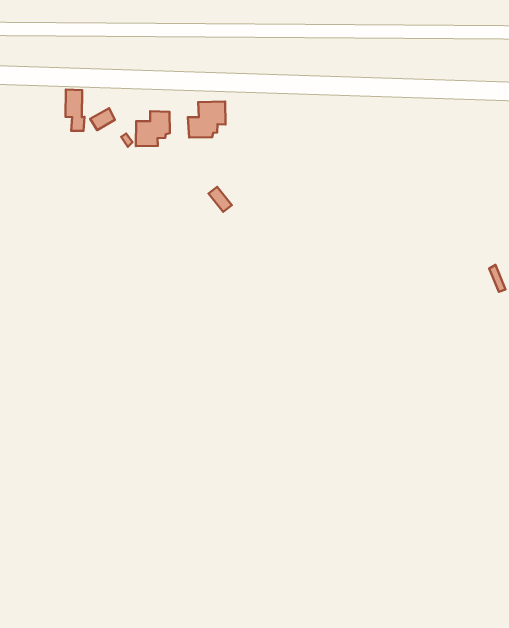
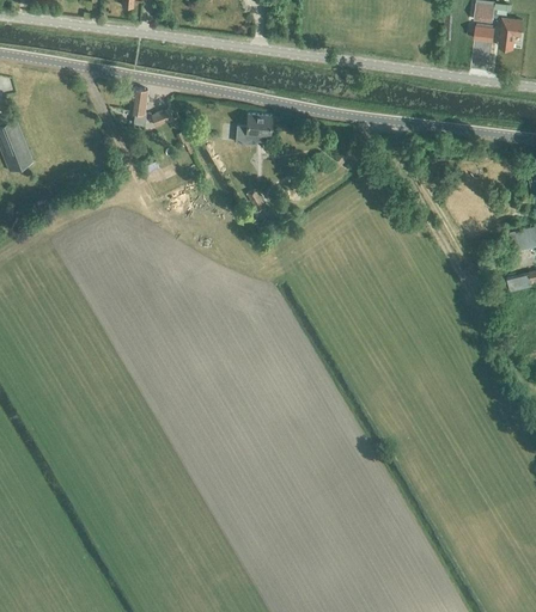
building: [136,111,170,146] -> none

